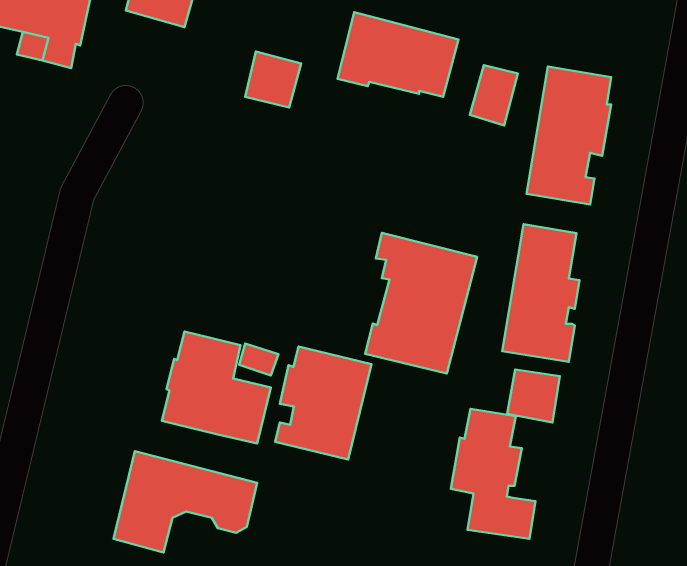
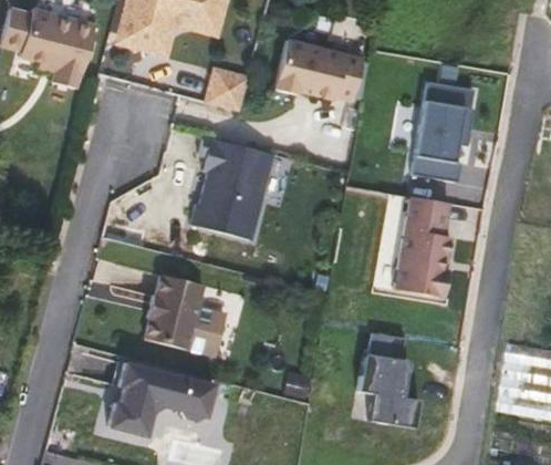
building: [470,65,518,125] -> none
building: [365,233,477,373] -> [191,136,273,239]
building: [275,346,371,460] -> none
building: [507,369,560,422] -> none

